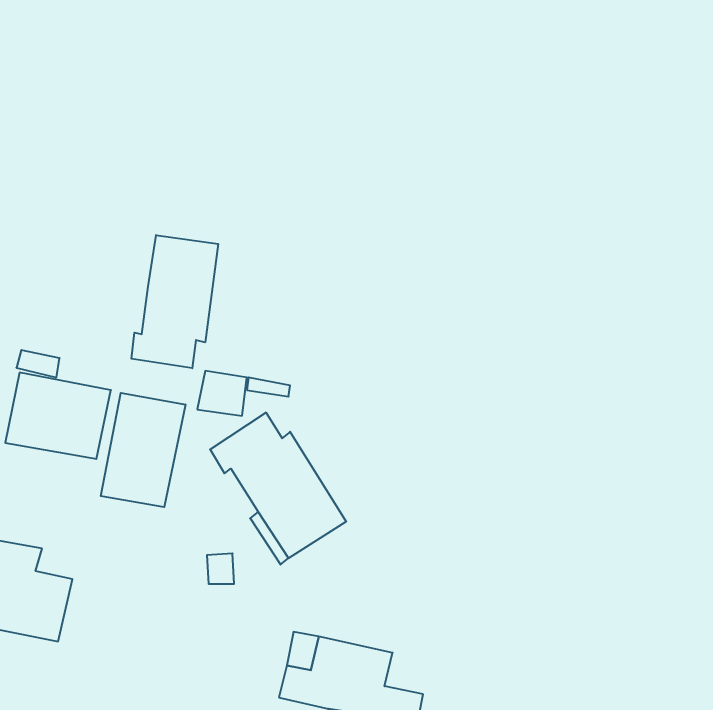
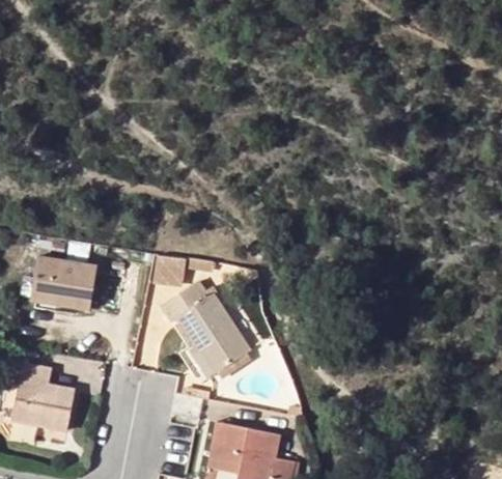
building: [131,235,218,368] -> none
building: [101,393,185,507] -> none

